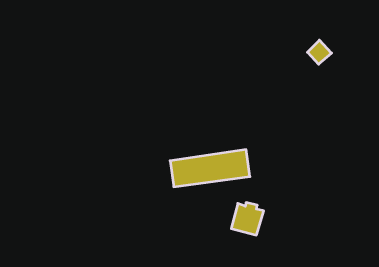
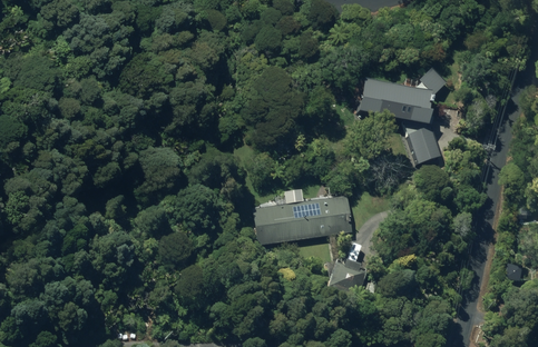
building: none -> [362,81,430,122]
building: none -> [410,127,441,162]

